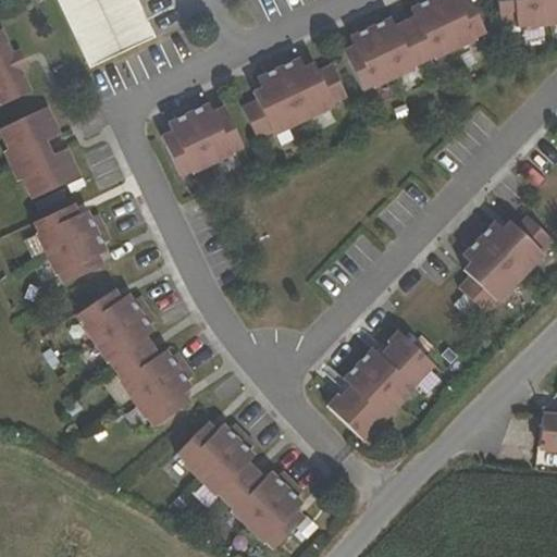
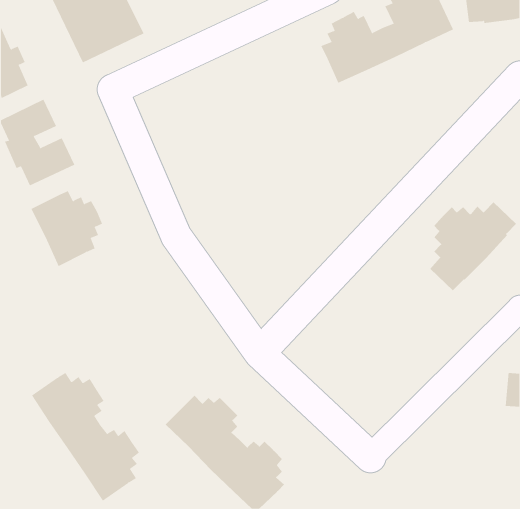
building: [242,53,347,138] -> none
building: [161,99,243,176] -> none
building: [77,289,194,428] -> [31,372,140,501]
building: [327,330,434,440] -> none

